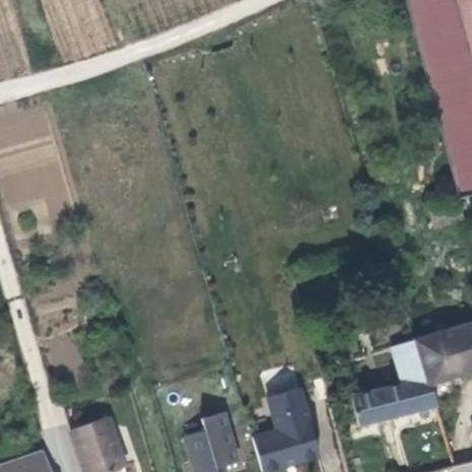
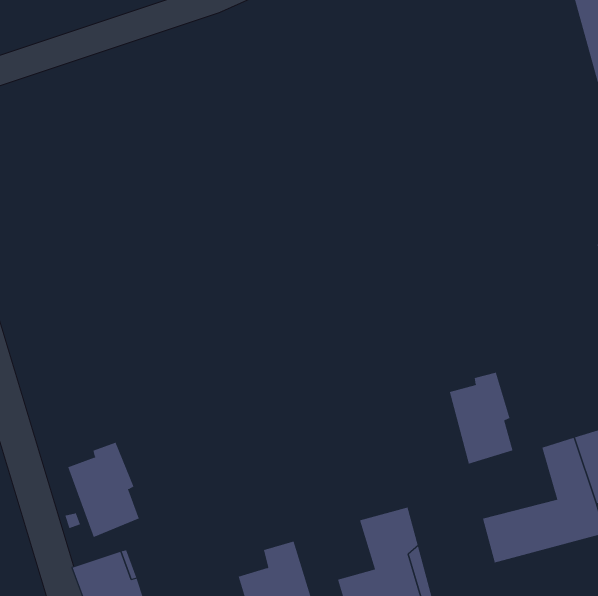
building: none -> [449,372,513,465]
building: none -> [68,442,140,538]

